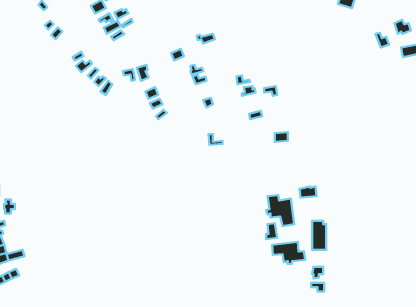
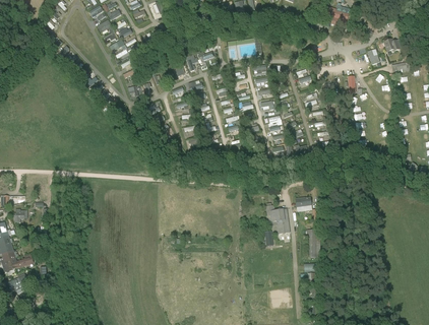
building: [272,242,305,264] -> none

